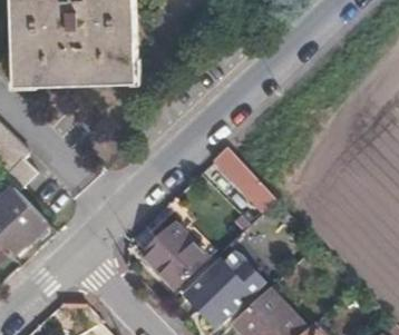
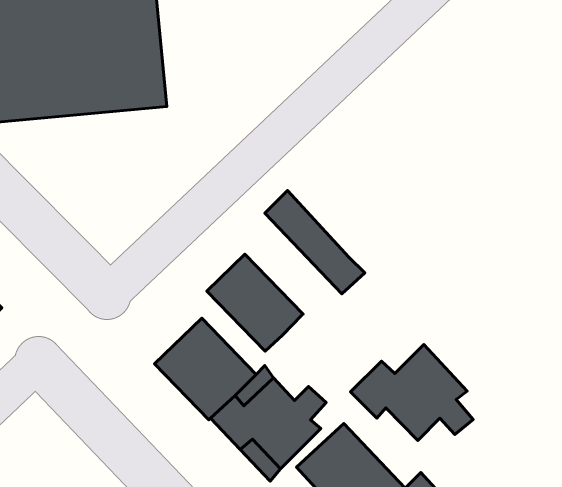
building: none -> [207,254,303,351]
building: none -> [351,345,473,440]

